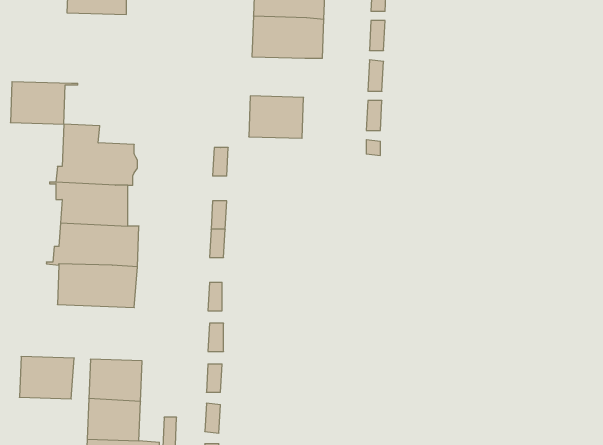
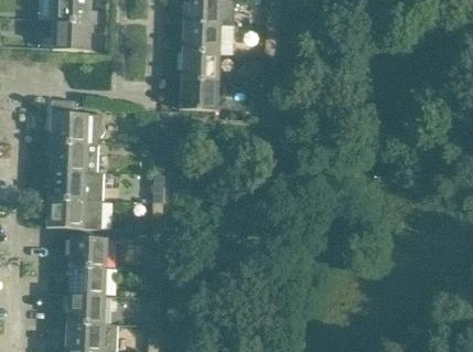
building: none -> [182,53,221,82]
building: [10,82,78,124] -> [52,22,99,52]
building: [19,357,74,399] -> [69,237,108,267]

